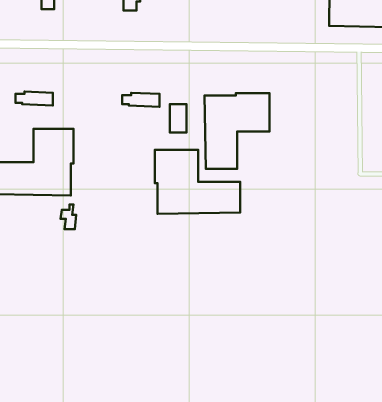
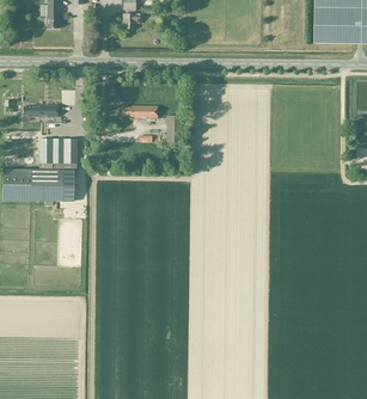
building: [204,93,270,169] -> none
building: [155,150,240,214] -> none

